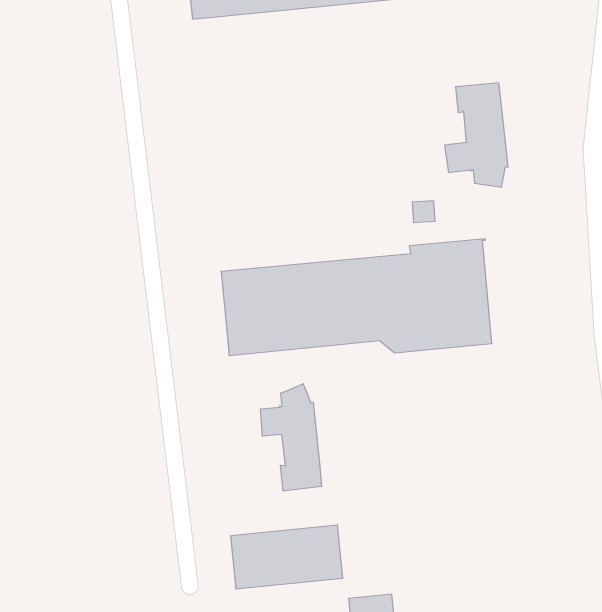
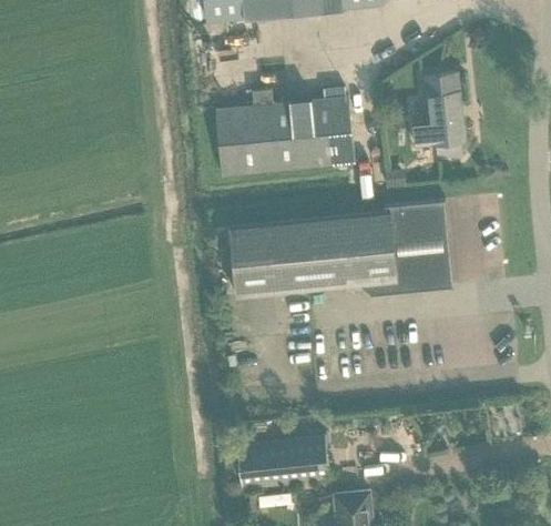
building: none -> [215,90,355,175]
building: [261,384,322,491] -> none

